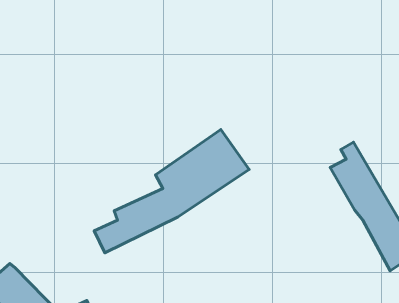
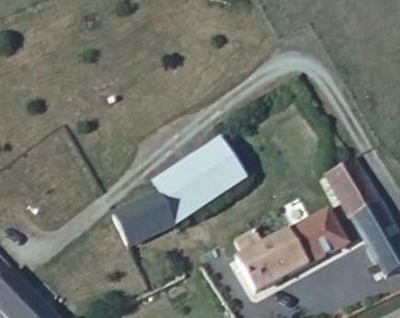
building: none -> [236,206,347,289]

